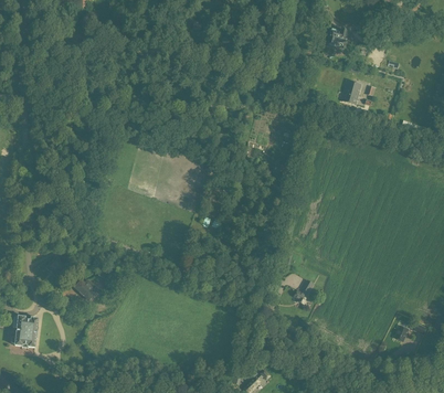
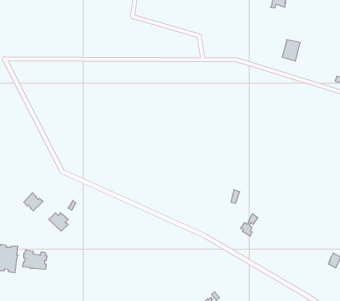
building: none -> [22,250,47,269]

